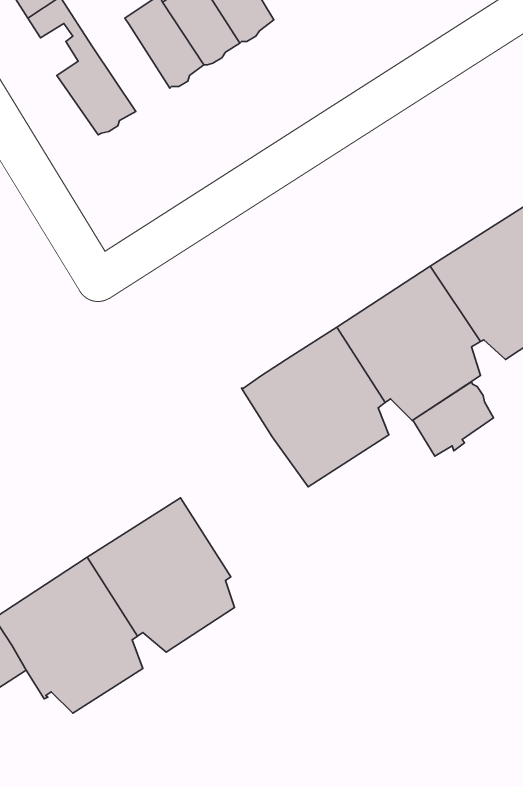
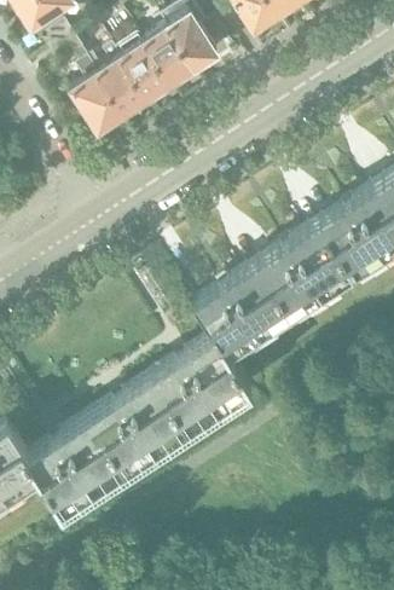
building: none -> [91,41,143,110]
building: [413,382,493,456] -> none
building: none -> [150,329,249,434]

